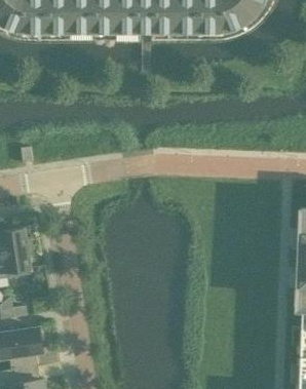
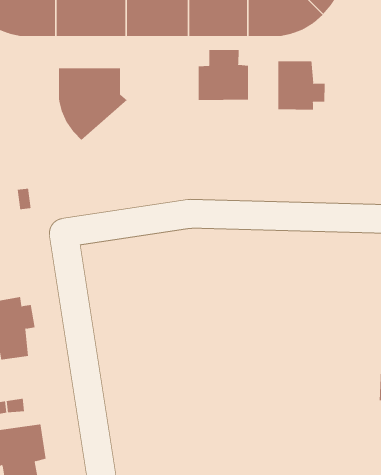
building: none -> [198,49,248,101]
building: none -> [278,60,325,110]
building: none -> [59,67,128,141]

